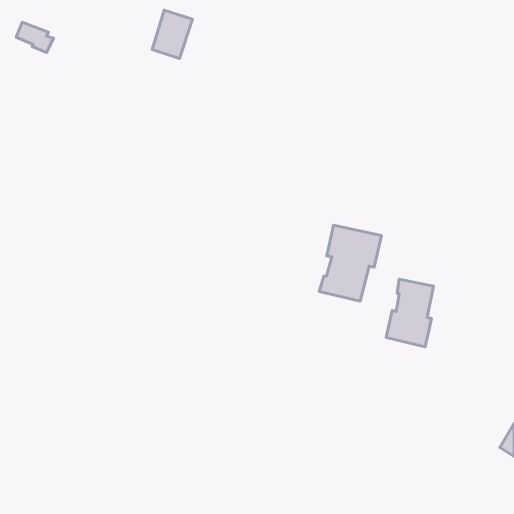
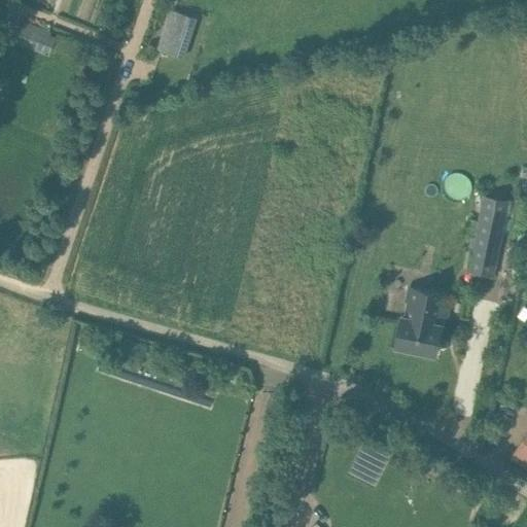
building: none -> [468,197,506,276]
building: [319,225,382,301] -> none

